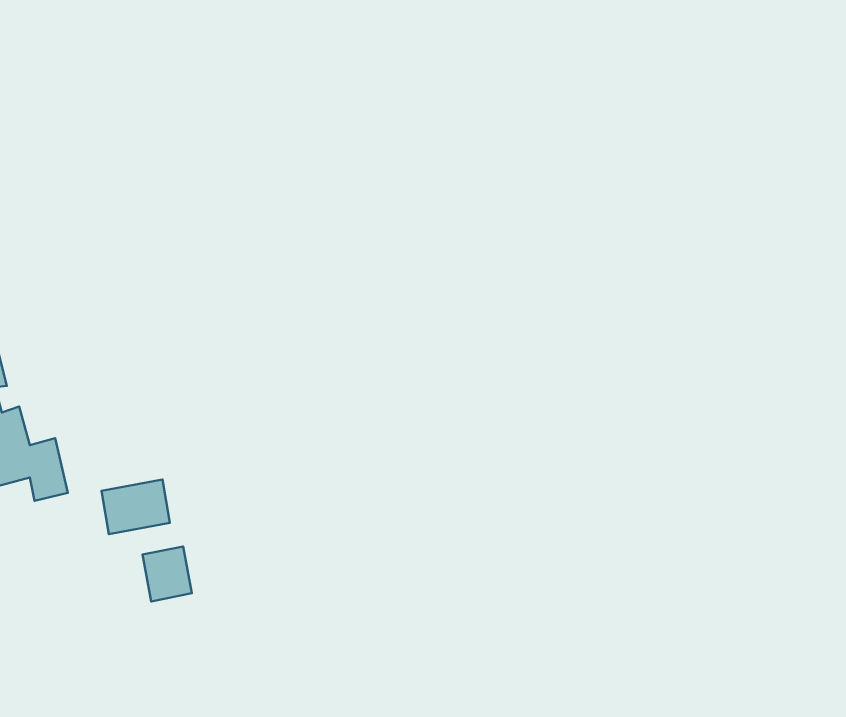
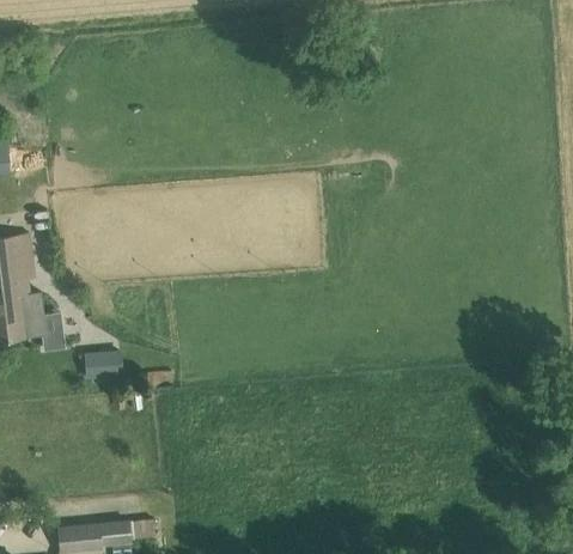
building: [143,546,192,601] -> none

